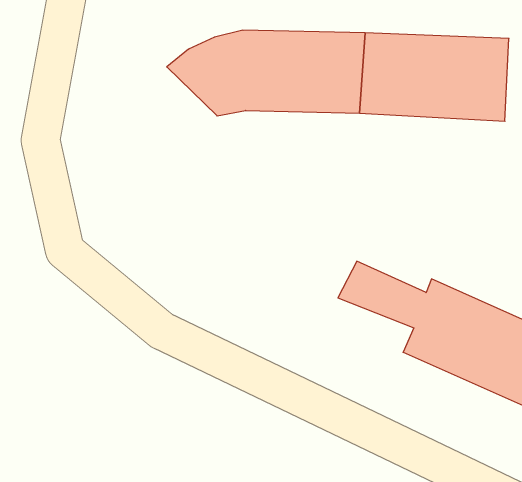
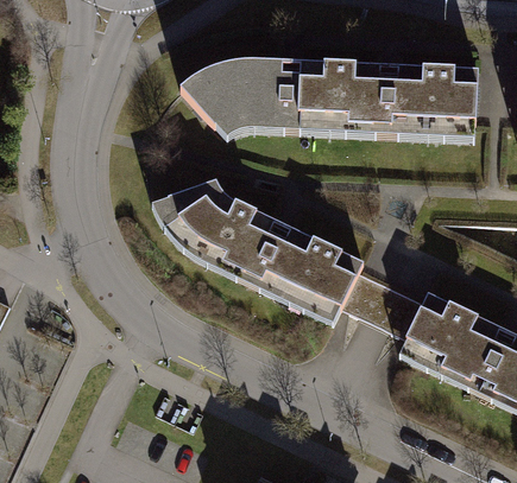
building: none -> [147,174,358,318]

